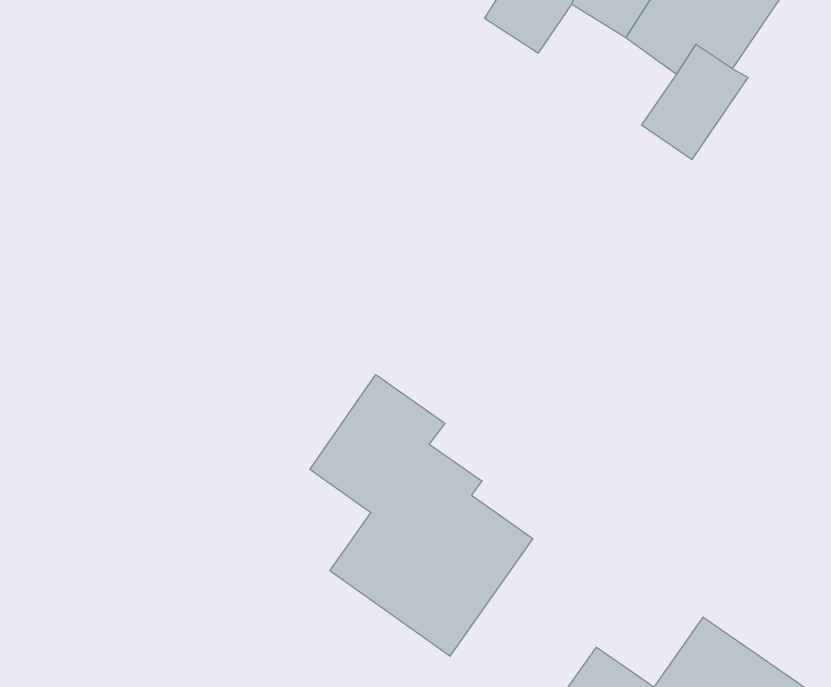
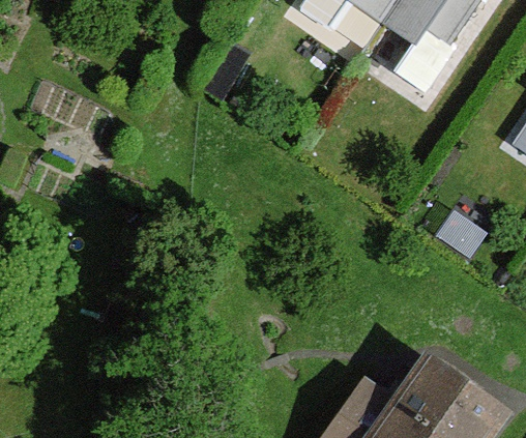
building: [310,375,533,656] -> none

